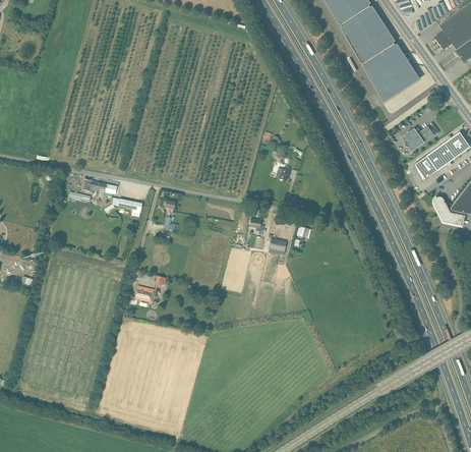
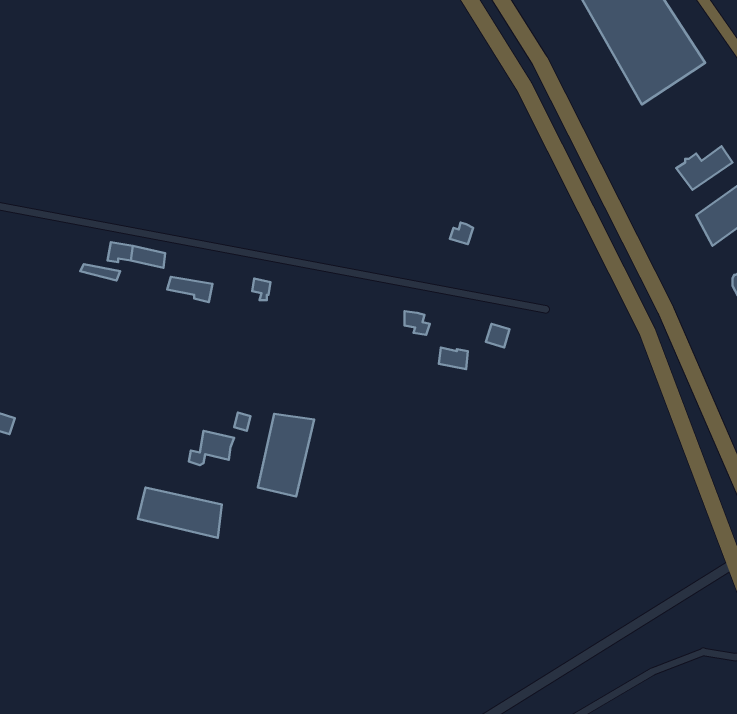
building: none -> [258,414,314,496]
building: none -> [138,487,222,538]

